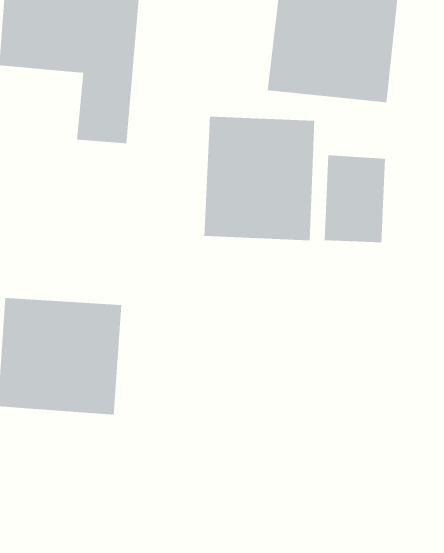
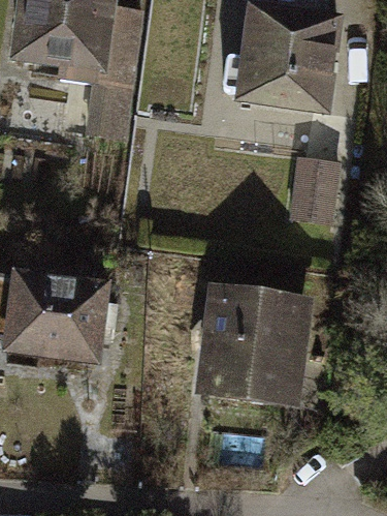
building: [204,116,315,241] -> none
building: none -> [197,282,312,408]

